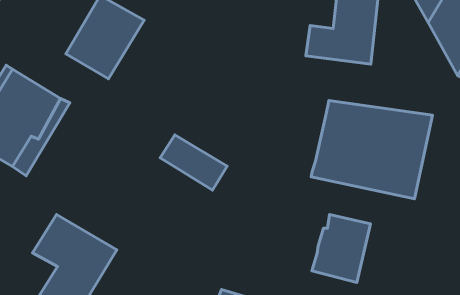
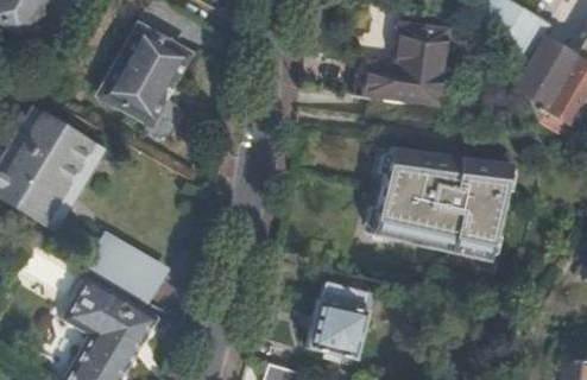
building: [160,135,227,190] -> [84,238,160,300]
building: [312,215,370,282] -> [309,281,375,359]

